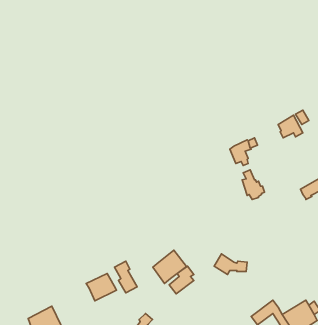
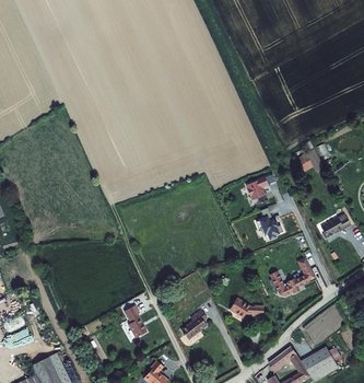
building: none -> [269,256,315,297]
building: [153,250,186,284] -> none
building: [86,273,116,301] -> none

